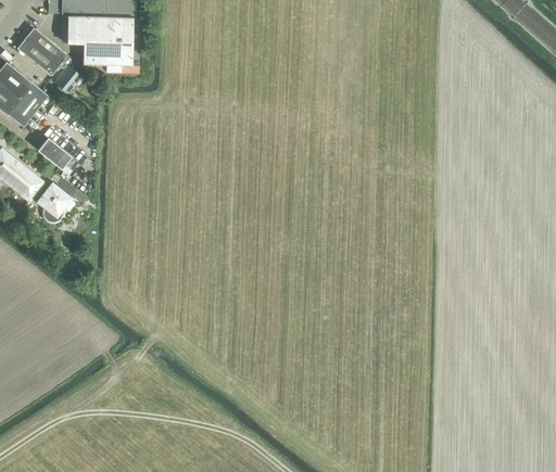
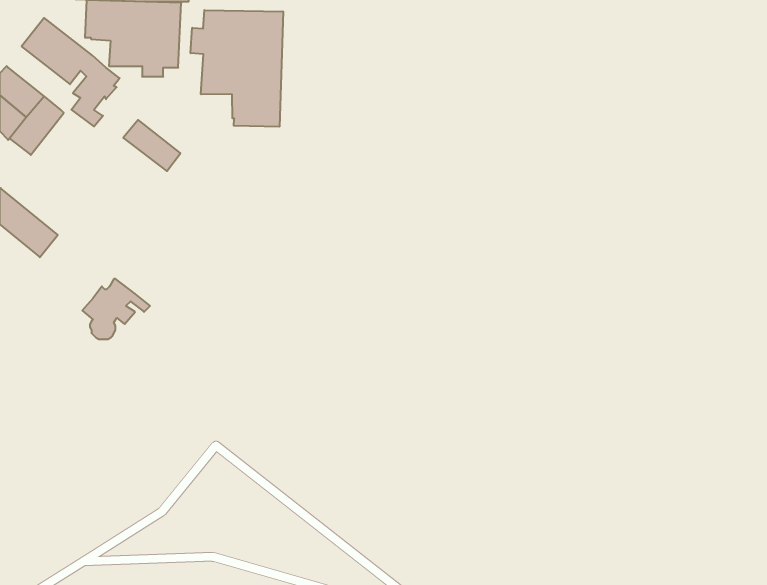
building: none -> [191,10,283,127]
building: [36,137,77,174] -> [123,120,180,171]
building: [37,178,86,221] -> [82,279,150,339]

